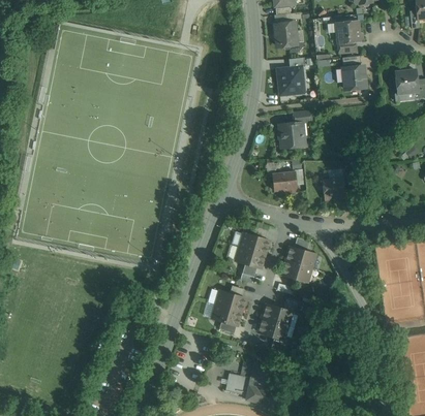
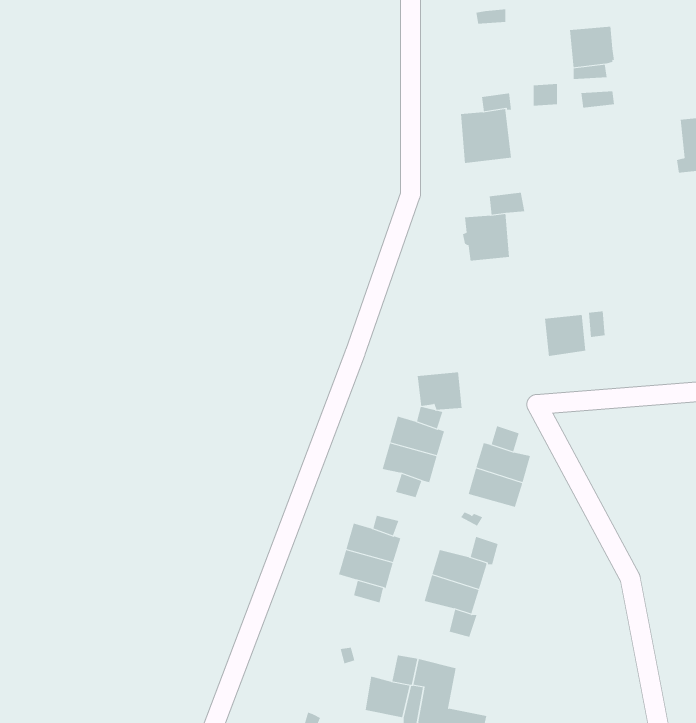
building: [275,22,297,49] -> none
building: [343,65,365,89] -> none
building: [272,171,297,192] -> [417,372,463,410]

